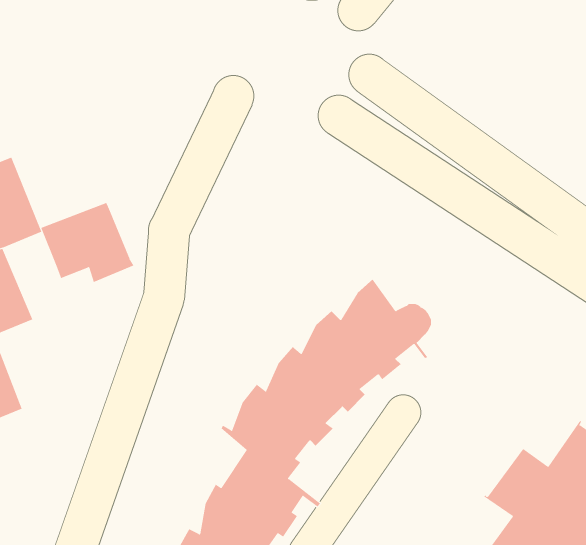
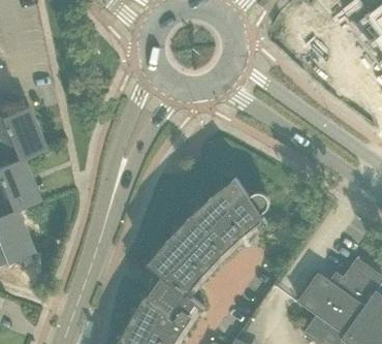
building: [40,202,134,283] -> none

